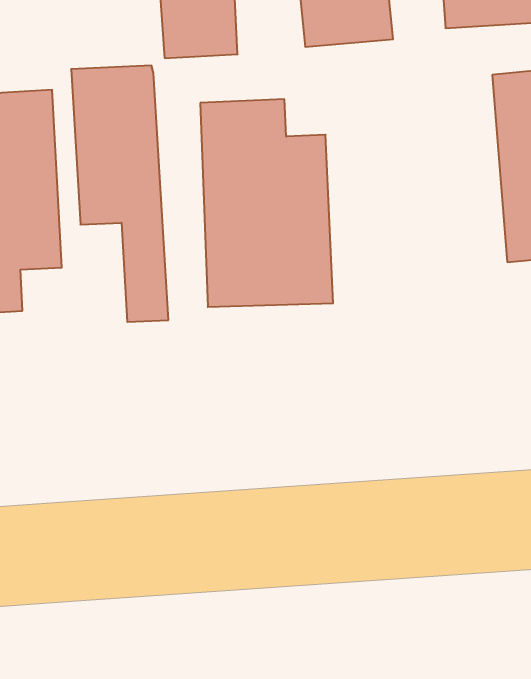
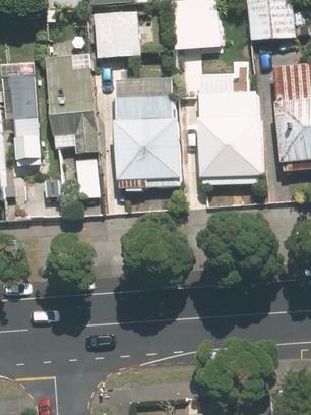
building: none -> [195,83,265,179]

